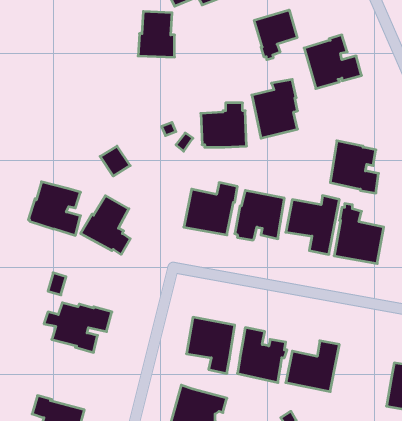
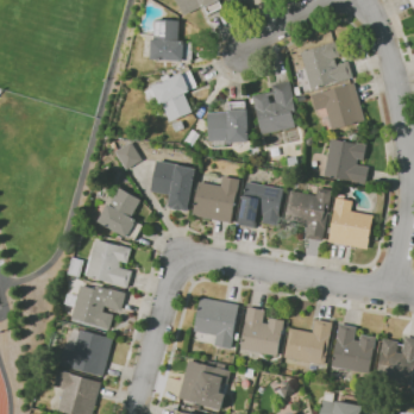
building: [254,10,297,60] -> none
building: none -> [144,70,196,121]
building: none -> [309,82,363,130]
building: none -> [150,161,195,211]
building: [28,182,81,235] -> [83,239,131,288]
building: none -> [331,324,375,374]
building: none -> [58,328,112,376]

